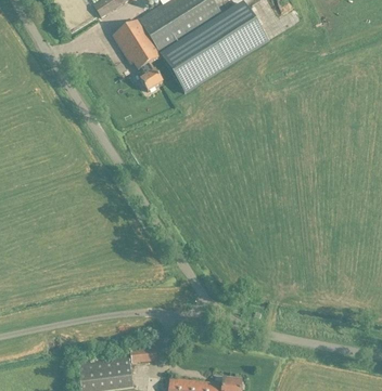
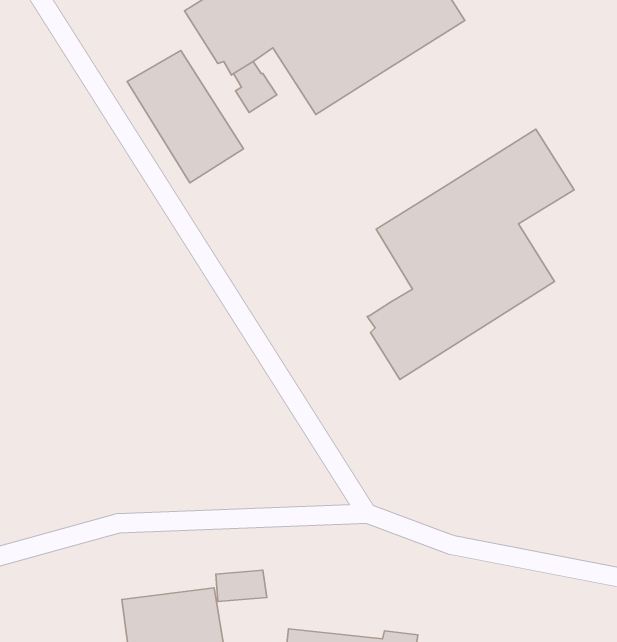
building: none -> [127,51,244,183]
building: none -> [367,129,574,379]

